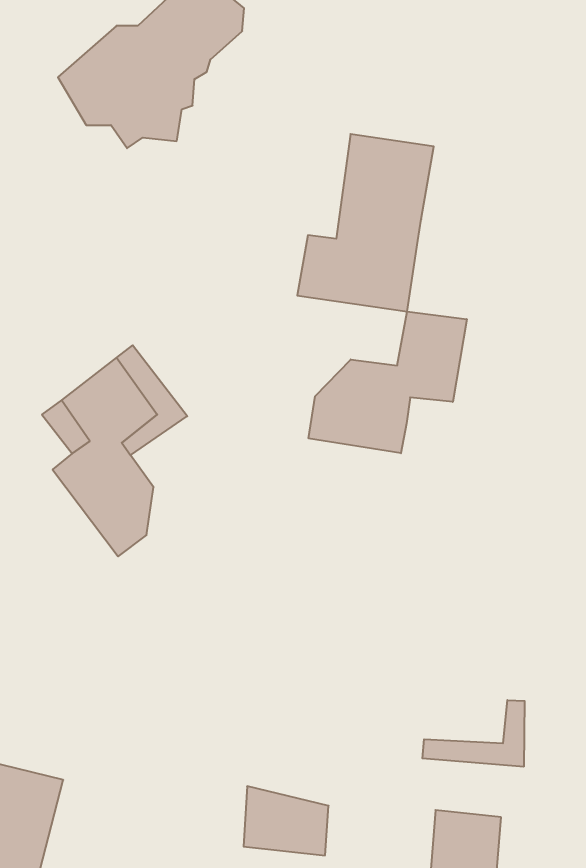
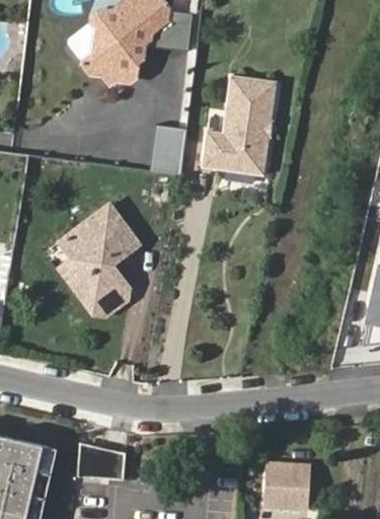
building: [309,311,467,453] -> none
building: [422,700,525,767] -> none
building: [244,786,329,855] -> [82,441,131,480]

